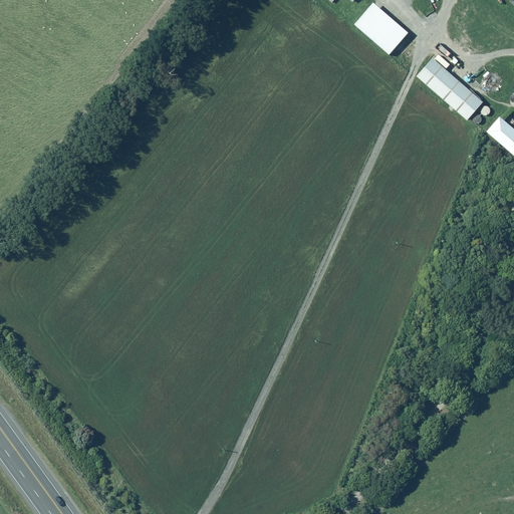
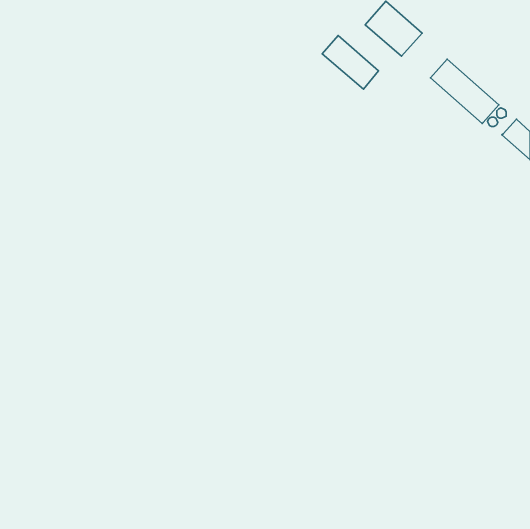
building: none -> [322,36,378,89]

